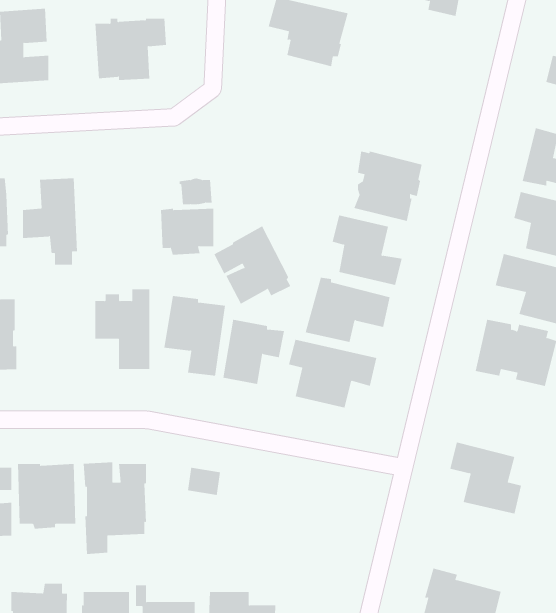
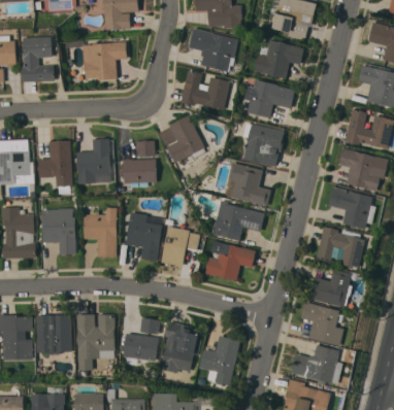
building: none -> [254,40,304,79]
building: none -> [179,70,230,110]
building: none -> [243,79,295,118]
building: none -> [76,139,110,184]
building: [214,226,291,305] -> [158,115,205,164]
building: none -> [41,208,75,254]
building: none -> [308,270,353,307]
building: none -> [160,321,202,373]
building: none -> [123,334,158,362]
building: none -> [198,336,239,385]
building: none -> [290,344,340,383]

